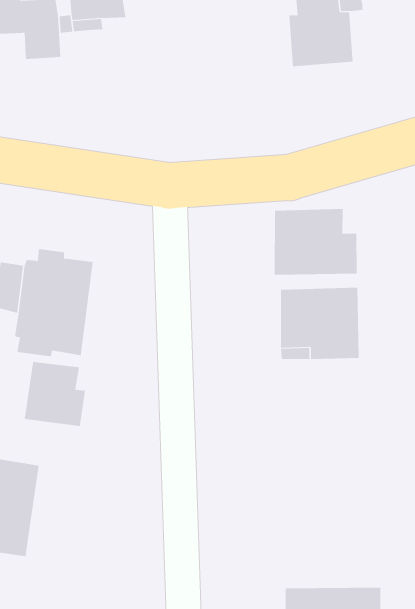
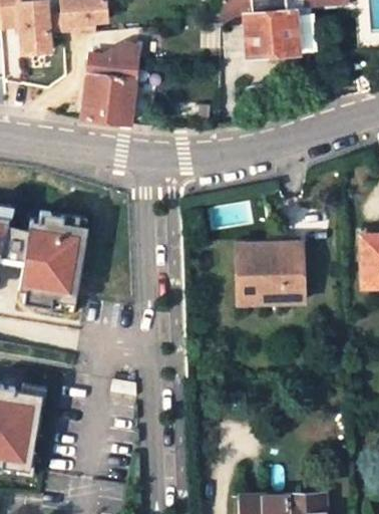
building: none -> [83,46,137,127]
building: [274,208,357,276] -> none
building: [24,361,86,427] -> none

